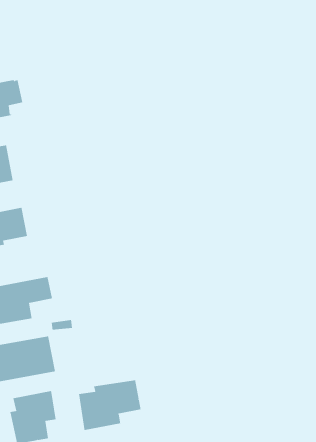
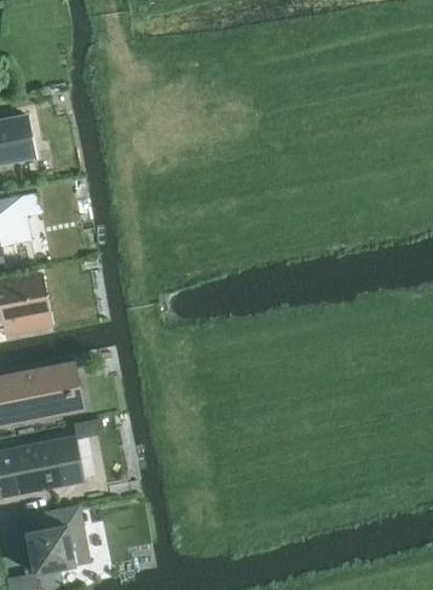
building: [78,379,141,431] -> none

